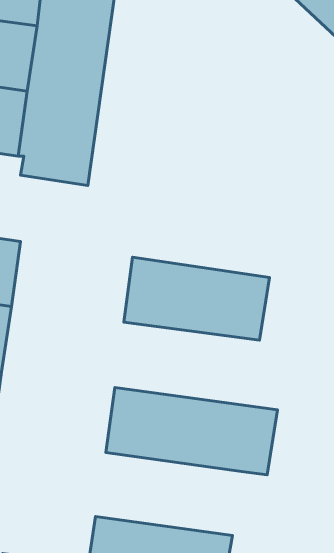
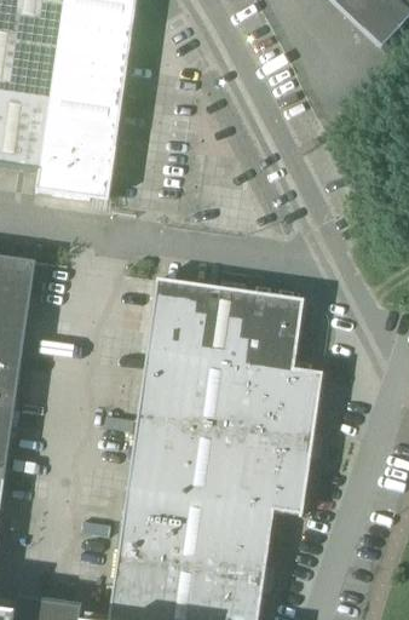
building: none -> [137,349,322,443]
building: none -> [116,489,273,579]

